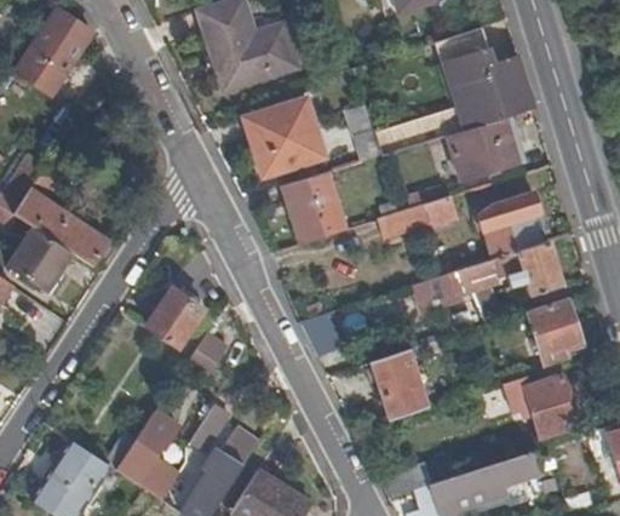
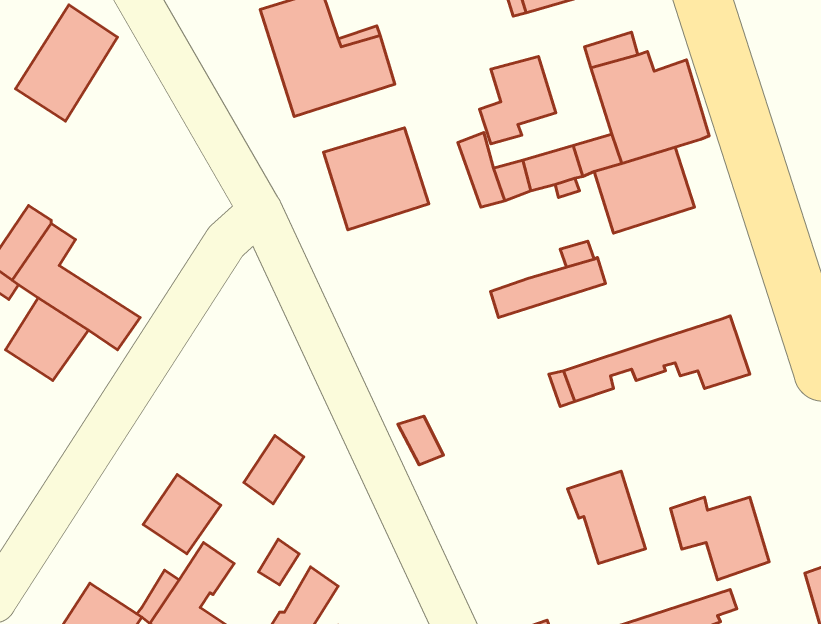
building: none -> [479,57,556,144]
building: [283,172,346,245] -> none
building: [478,193,542,259] -> none
building: [147,288,205,348] -> [143,474,221,554]
building: [527,299,581,365] -> none
building: [367,350,425,419] -> [568,471,645,563]

